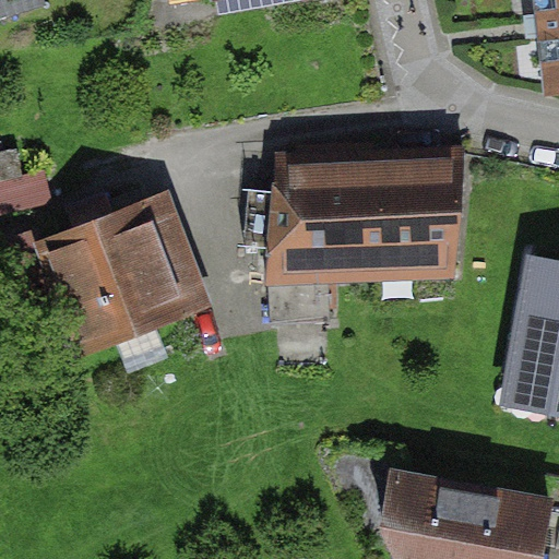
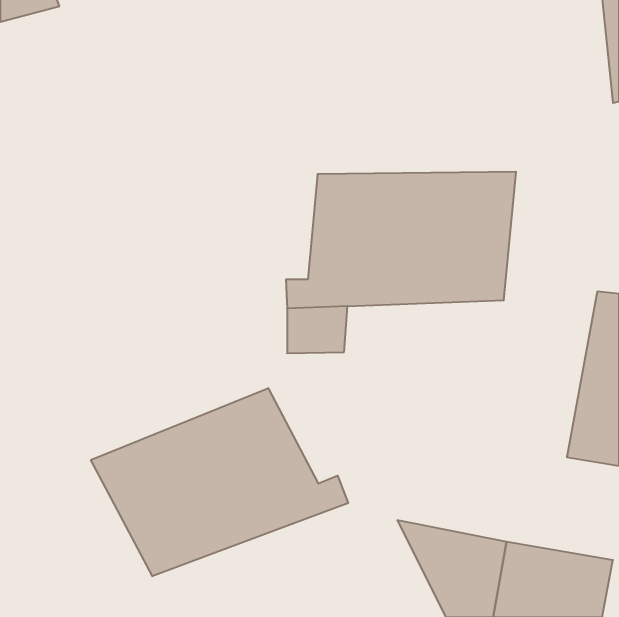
building: [46,203,190,354] -> none
building: none -> [91,388,348,576]

